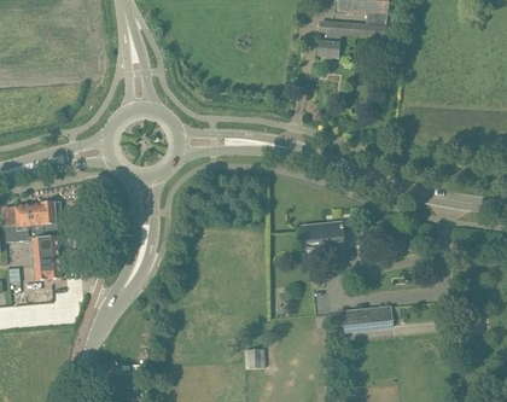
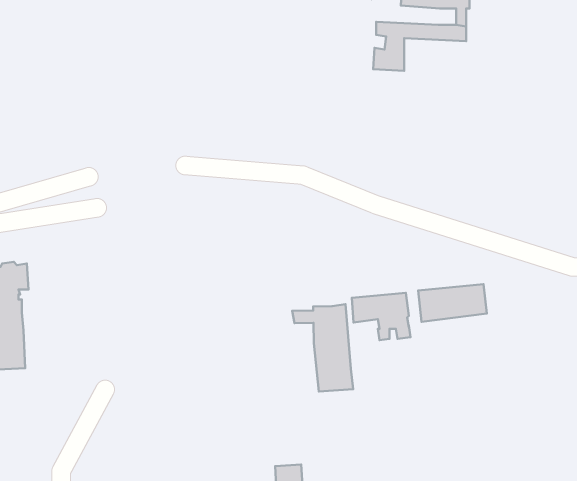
building: none -> [292,304,353,392]
building: [342,305,392,333] -> [418,284,487,322]

